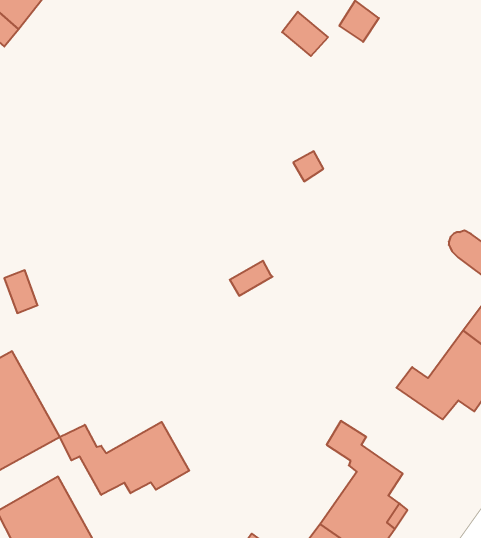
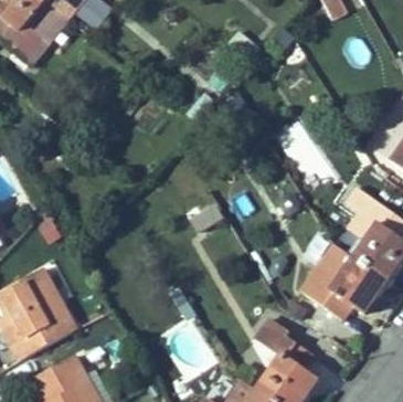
building: none -> [299,240,354,295]
building: [60,422,189,495] -> none

